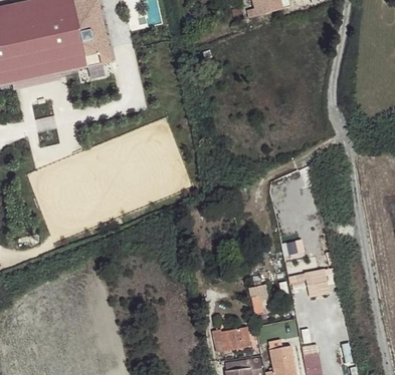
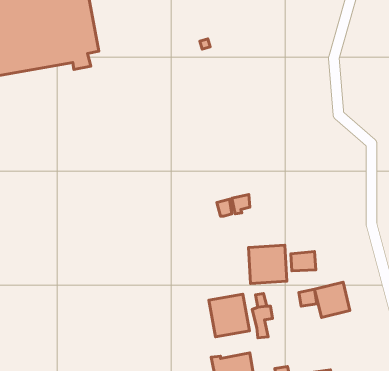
building: none -> [248,245,287,284]
building: none -> [209,294,250,337]

